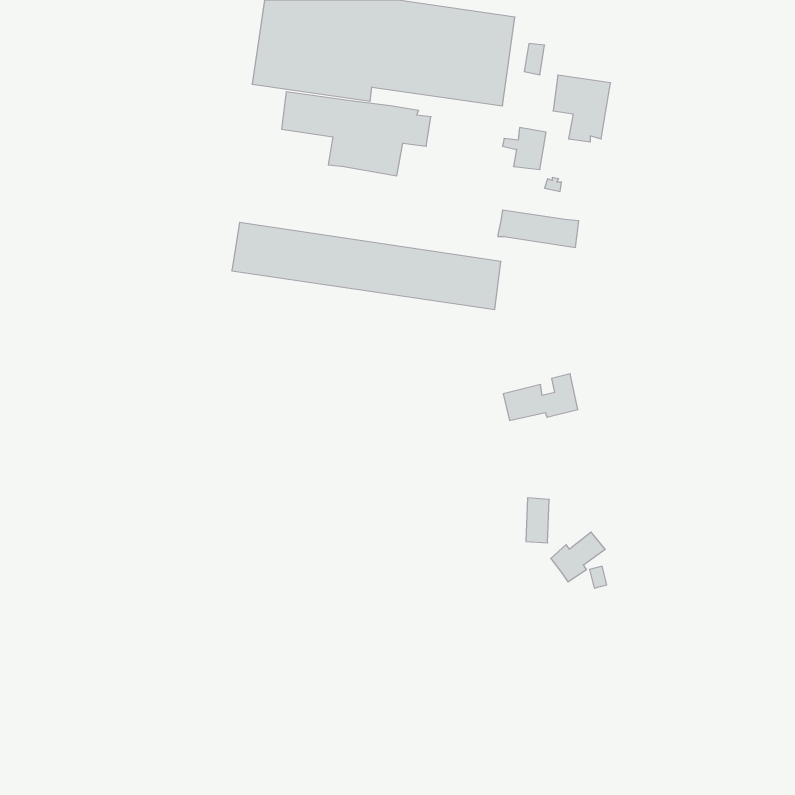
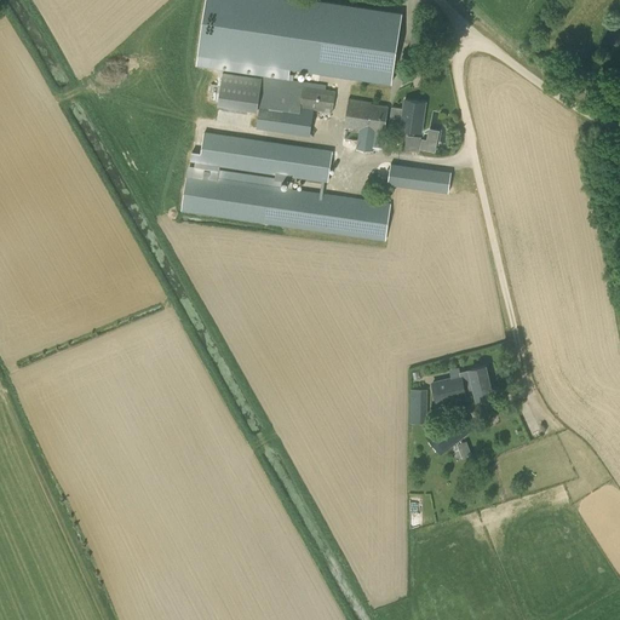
building: [553,75,611,142] -> [344,99,389,151]
building: none -> [201,133,333,180]
building: [503,374,578,420] -> [432,367,490,403]

